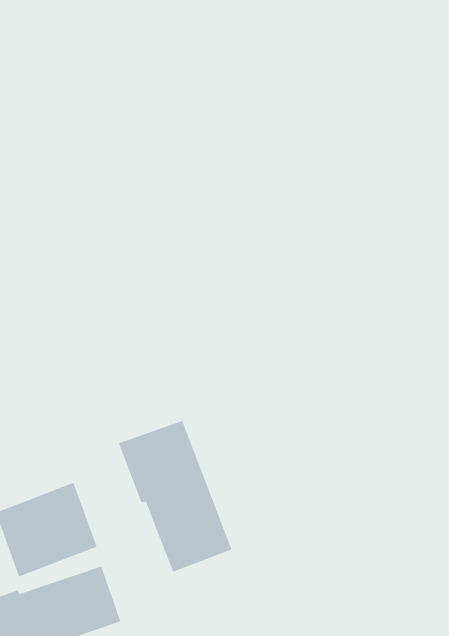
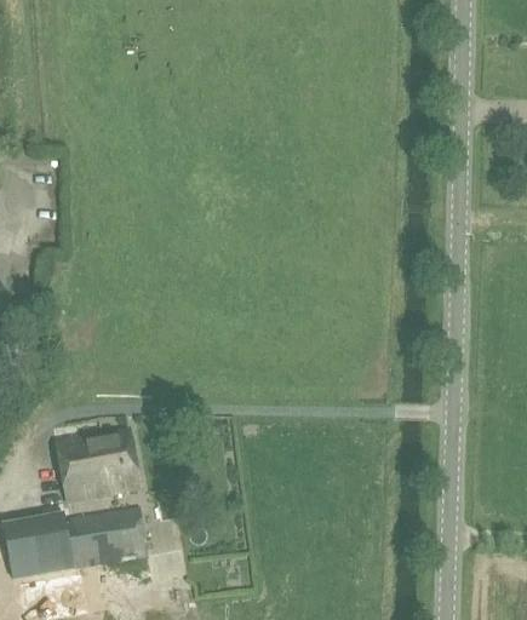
building: [118,420,232,573] -> none

